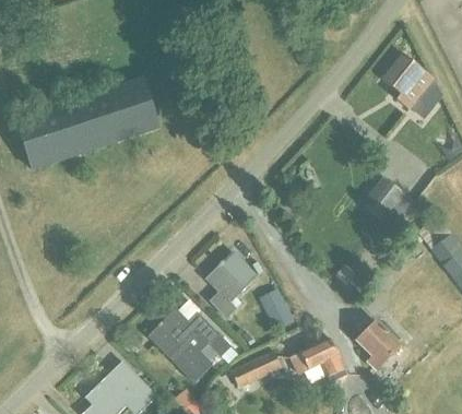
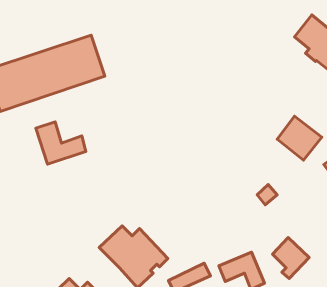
building: none -> [36,122,86,164]
building: [198,252,256,318] -> none
building: [261,288,295,332] -> none

